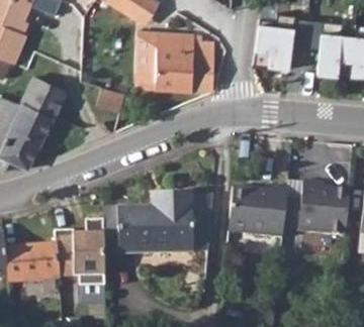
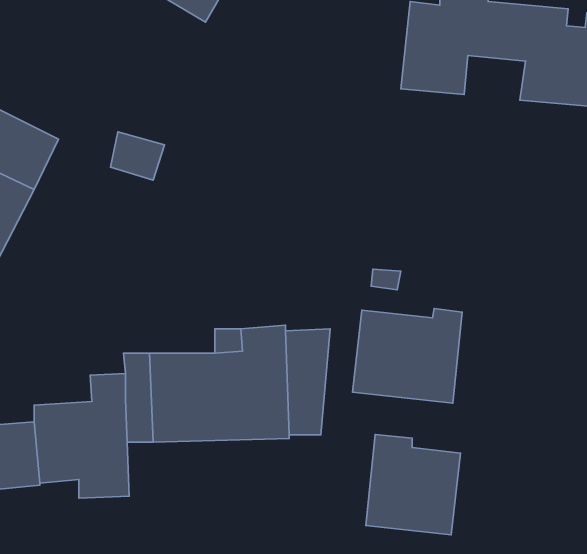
building: [138,33,213,92] -> none
building: [297,181,349,235] -> [366,434,461,535]

